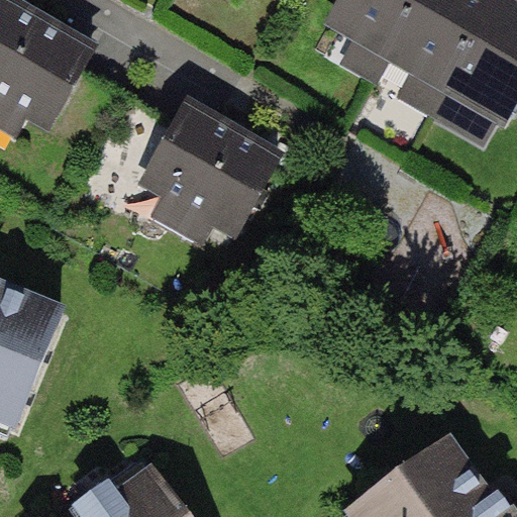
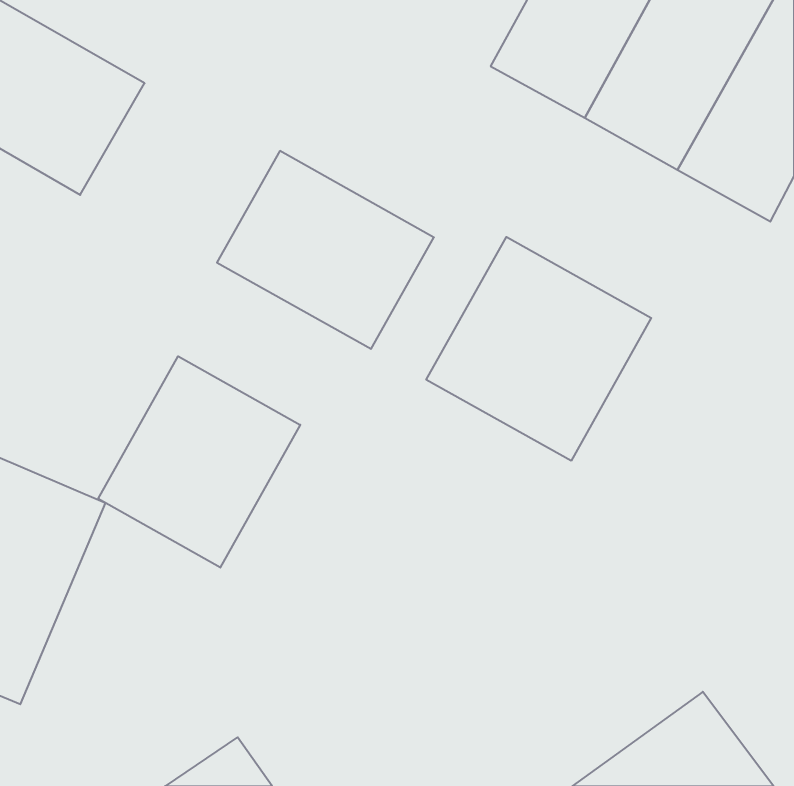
building: none -> [426,237,651,461]
building: none -> [98,356,300,568]

